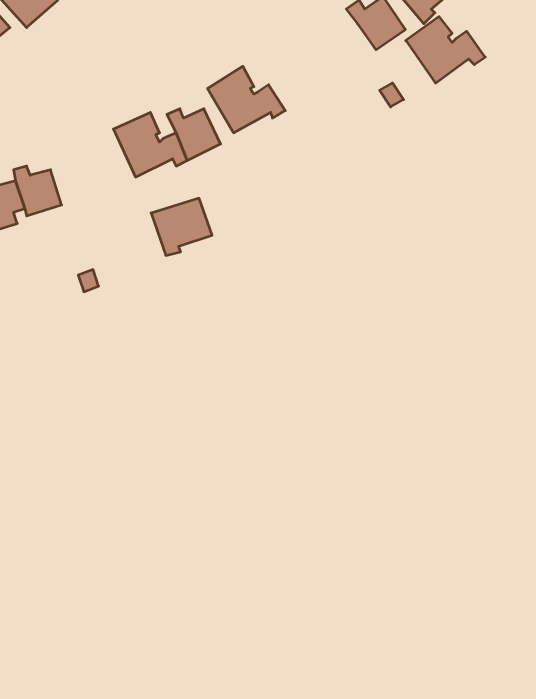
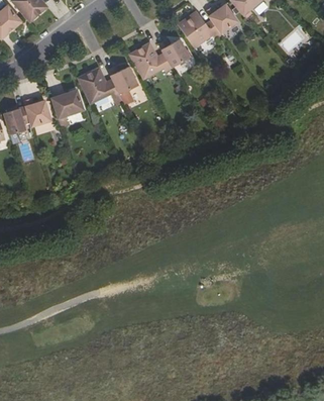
building: [406,17,485,83] -> [178,11,221,47]
building: none -> [157,38,189,67]
building: [151,198,212,255] -> [49,88,83,119]

